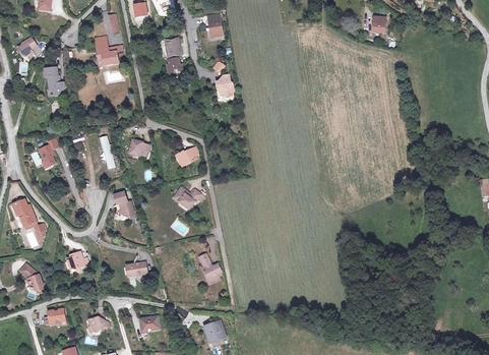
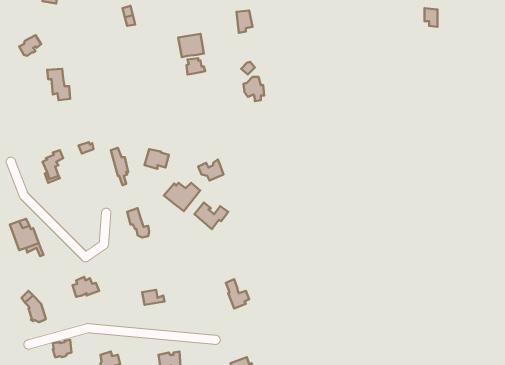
building: [95,37,122,64] -> none
building: none -> [164,183,200,211]

